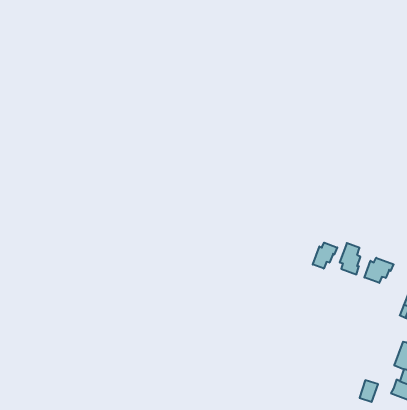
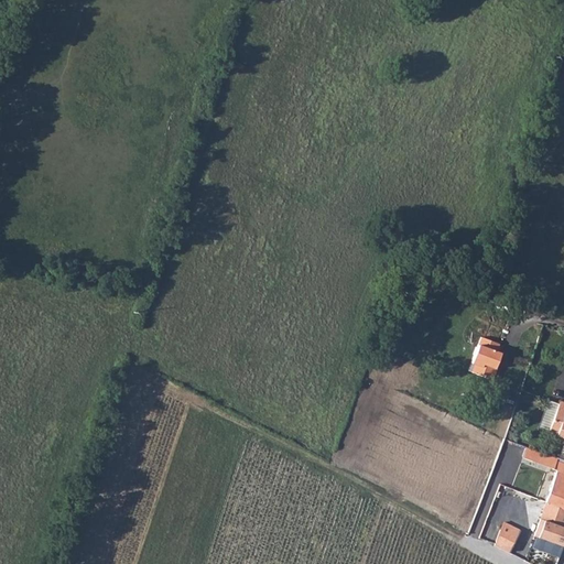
building: [313,243,337,269] -> none
building: [364,258,394,283] -> none

